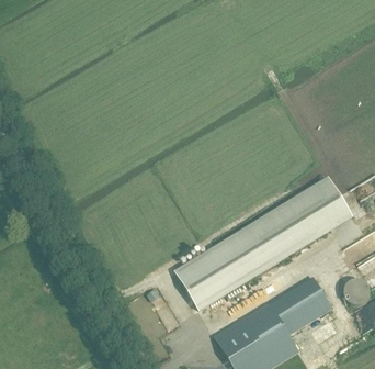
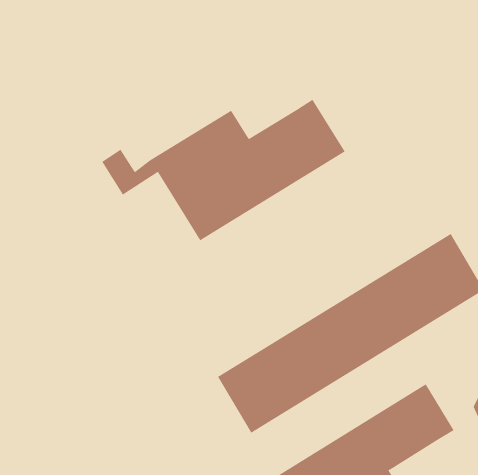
building: none -> [102,99,345,241]

